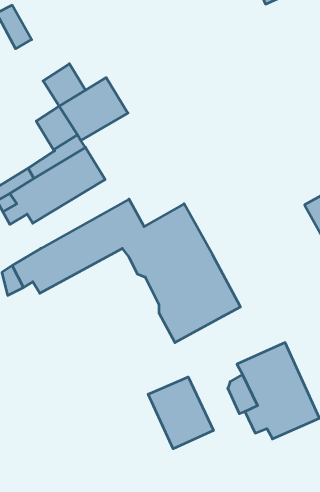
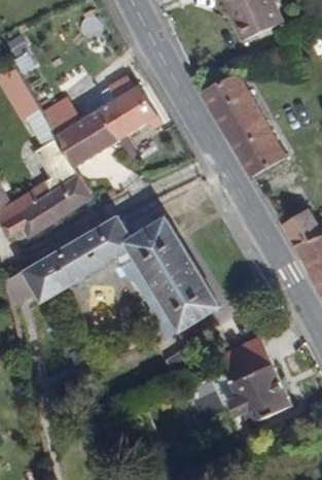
building: none -> [100,66,167,137]
building: none -> [204,71,284,175]
building: [148,377,213,449] -> none

